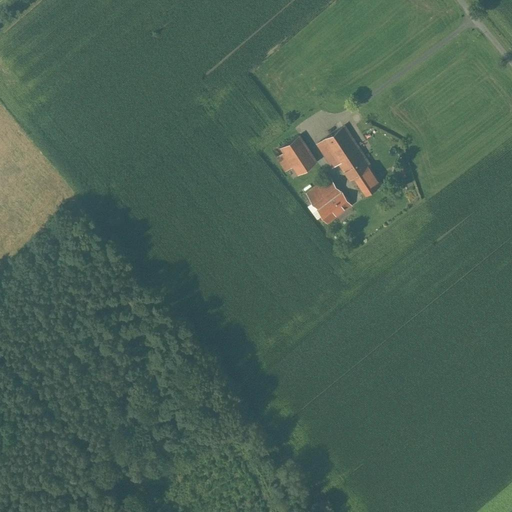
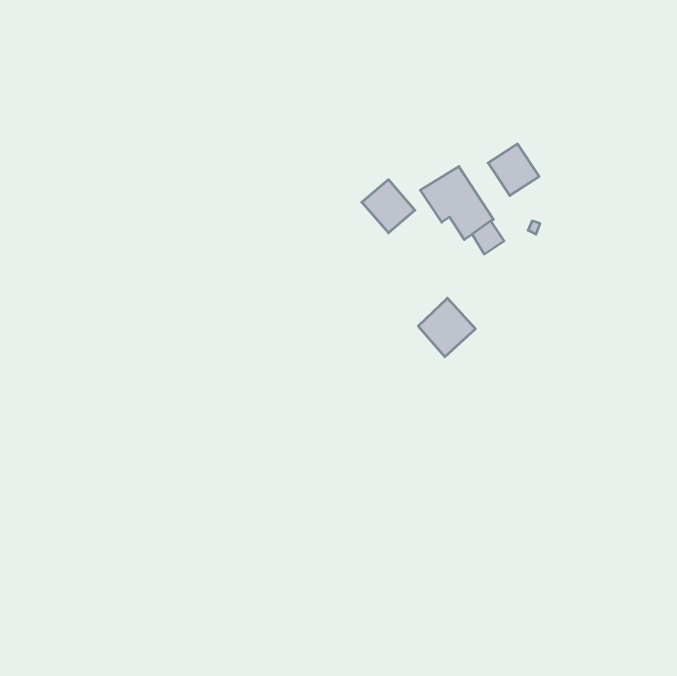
building: none -> [488,144,539,196]
building: [308,180,351,224] -> [418,298,475,357]

